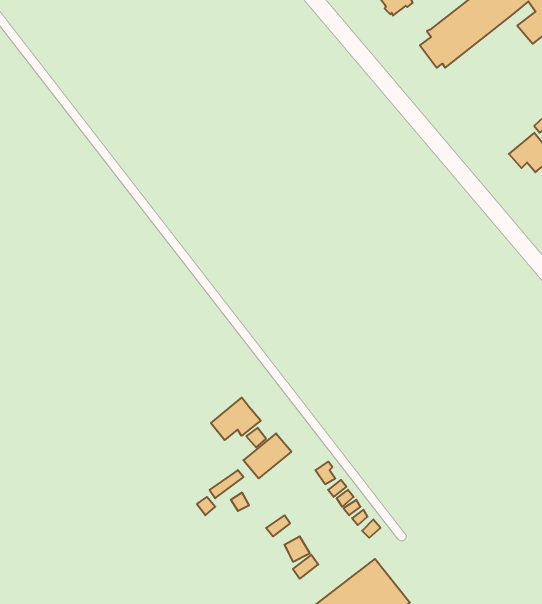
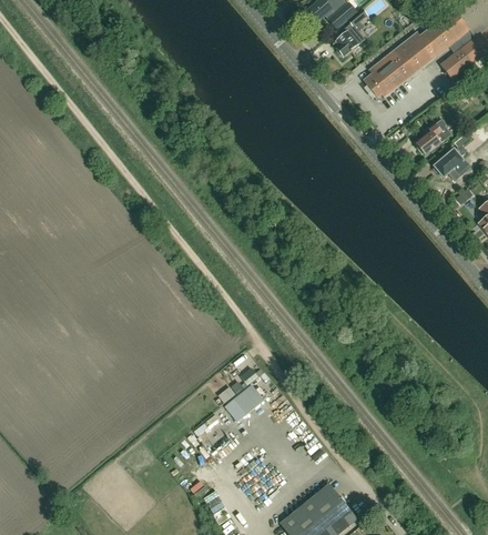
building: none -> [416,118,446,154]
building: [211,398,261,440] -> none

